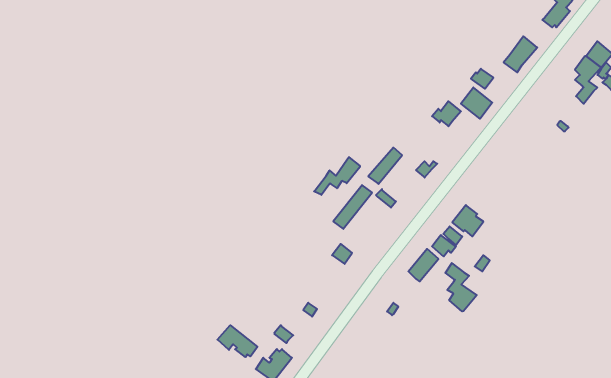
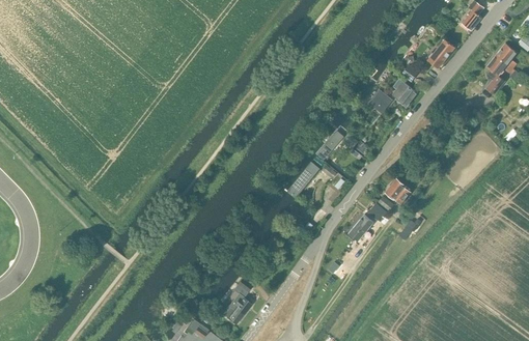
building: [314,157,360,195] -> none
building: [445,263,477,311] -> none
building: [217,325,257,357] -> none

